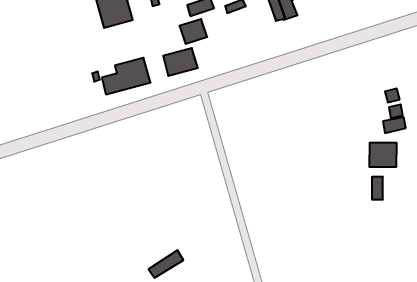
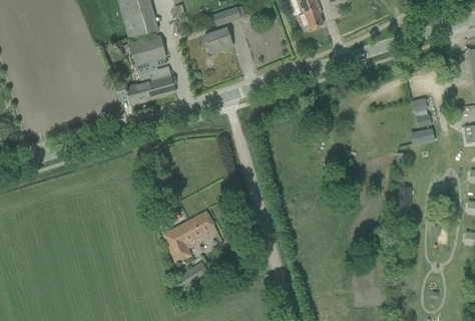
building: [163,48,198,76] -> [130,36,165,64]
building: [369,143,396,167] -> none
building: none -> [163,212,217,263]

